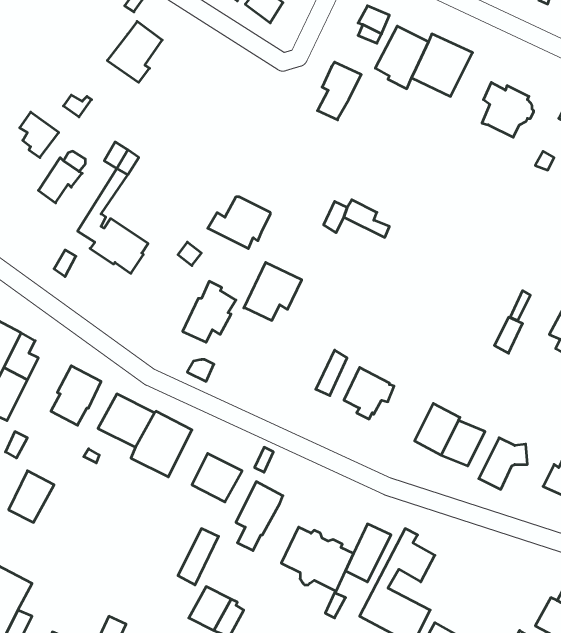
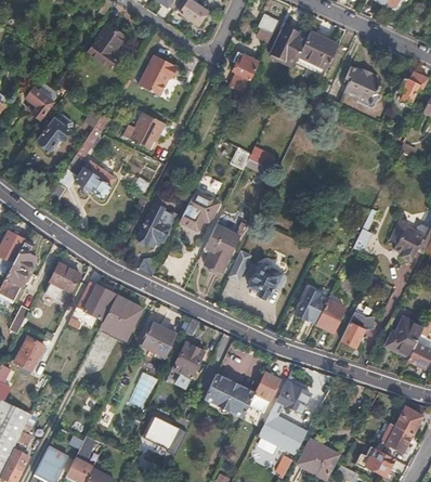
building: none -> [136,54,175,94]
building: [208,197,270,249] -> [120,112,164,147]
building: none -> [204,224,237,273]

